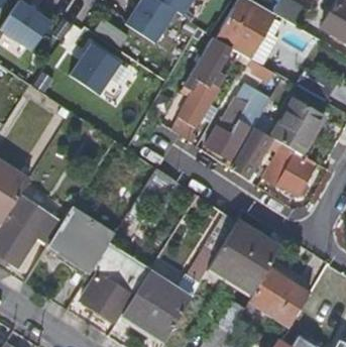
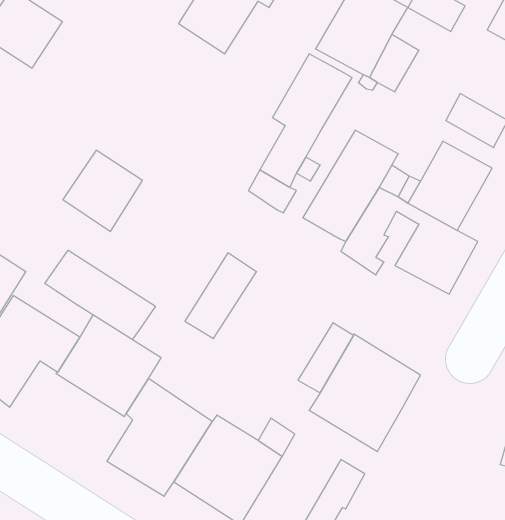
building: [71,43,121,95] -> [63,150,142,231]
building: none -> [45,250,155,339]
building: [248,266,311,328] -> none

